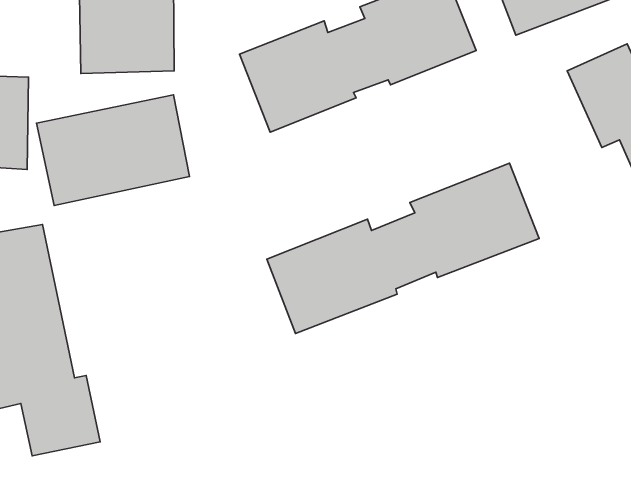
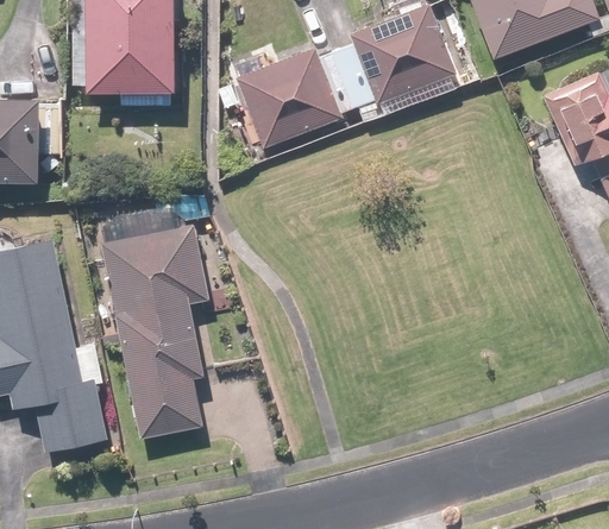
building: [37,95,189,205] -> none
building: [267,163,539,334] -> none
building: none -> [100,222,208,437]

